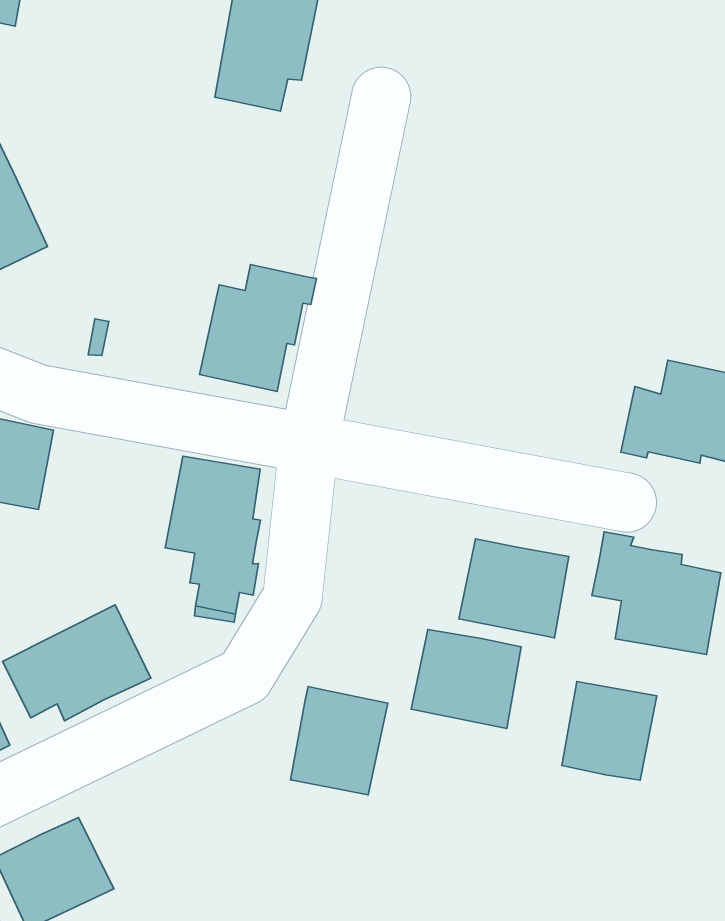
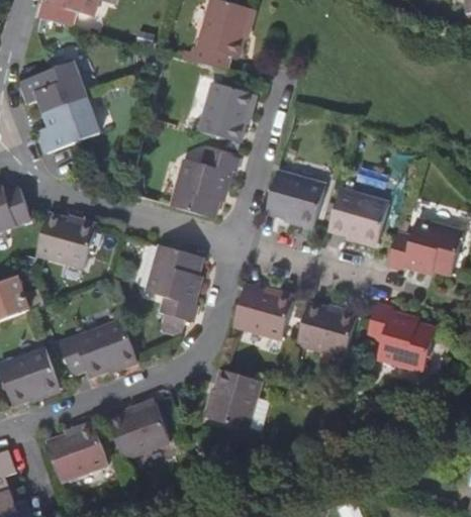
building: none -> [201,83,253,142]
building: none -> [267,169,325,222]
building: none -> [329,188,389,241]
building: [411,629,521,728] -> [233,283,293,337]
building: [562,682,657,780] -> none
building: none -> [107,404,168,459]

